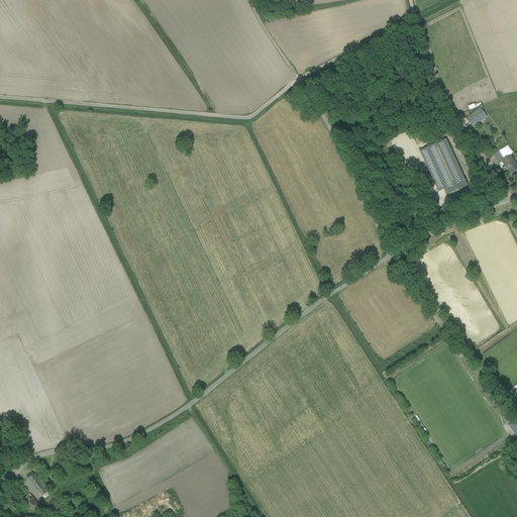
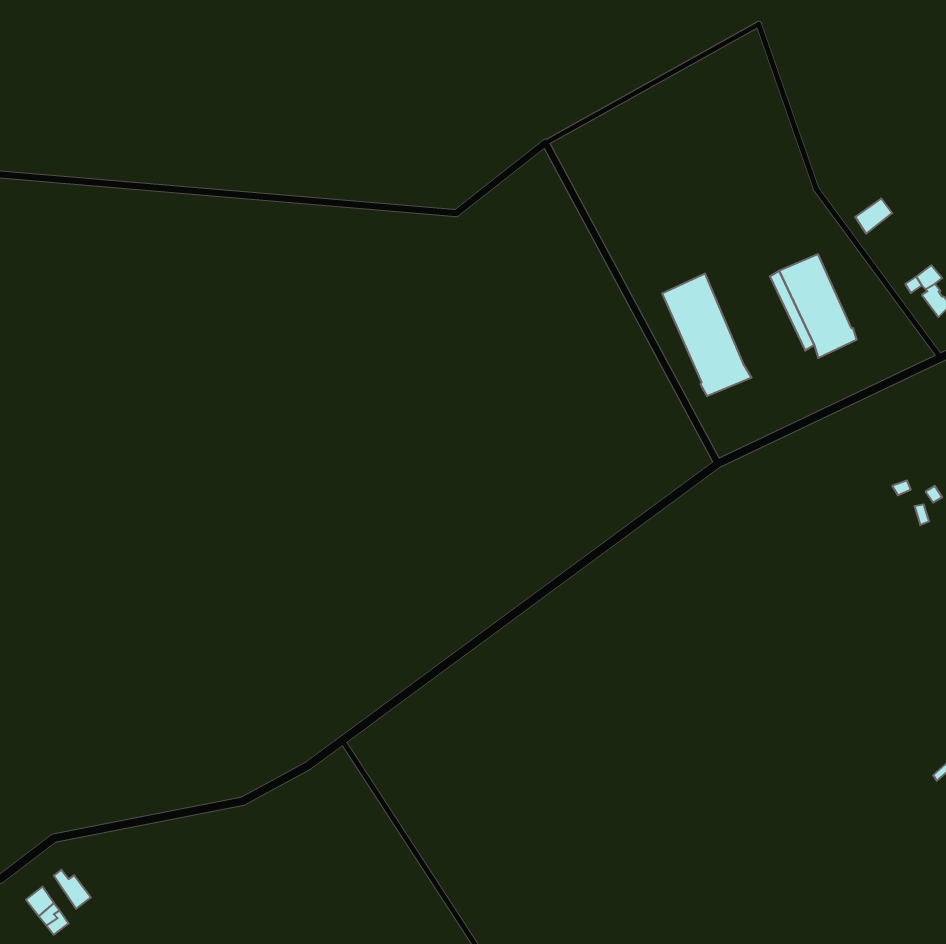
building: none -> [662,273,752,396]

